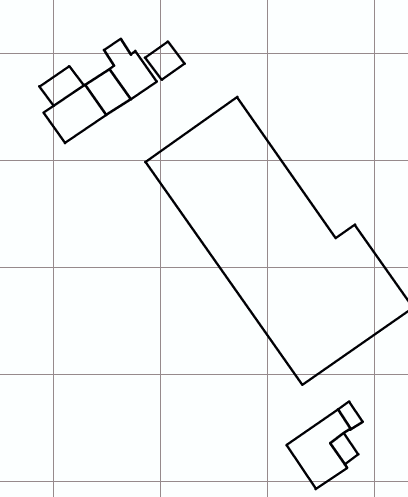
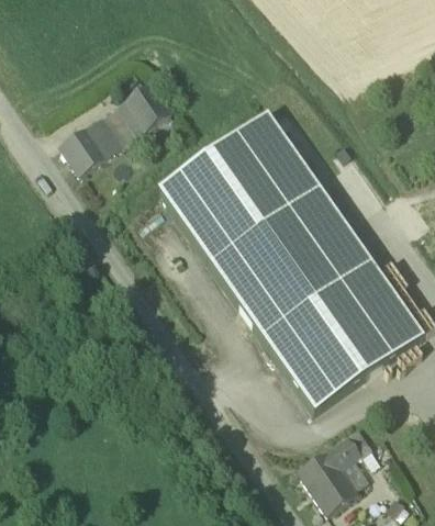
building: [145,42,185,80] -> none
building: [39,66,84,106] -> none
building: none -> [253,112,368,264]

